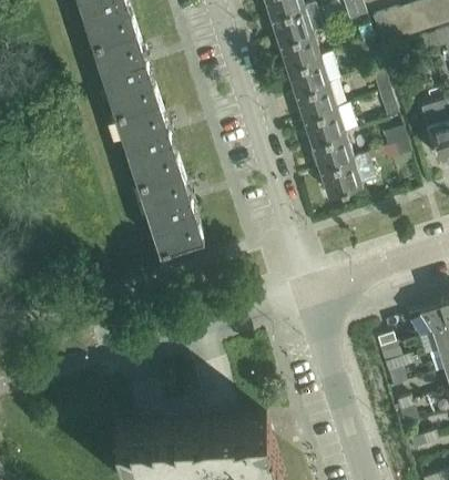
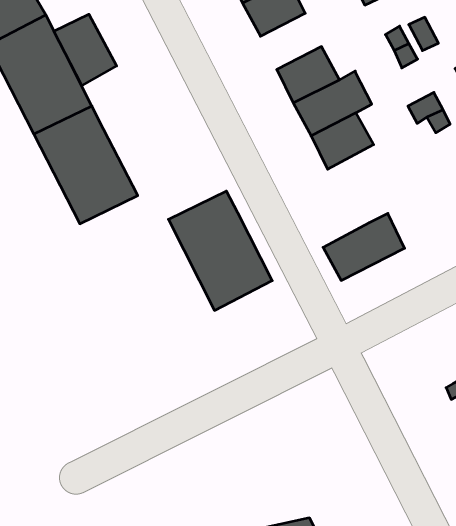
building: none -> [54,14,117,85]
building: [286,57,339,96] -> none
building: [318,156,376,198] -> [323,213,405,280]
building: [136,170,203,253] -> [168,191,272,310]

